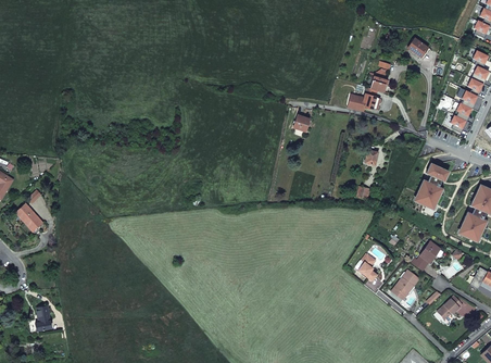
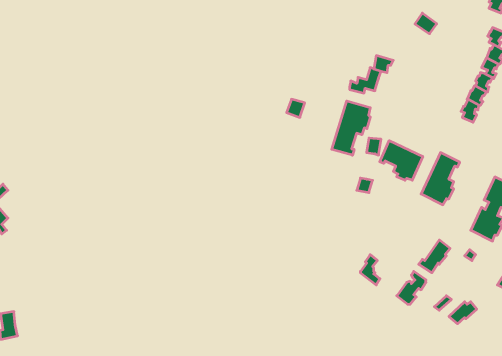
building: none -> [332,101,370,155]
building: none -> [380,141,423,180]

